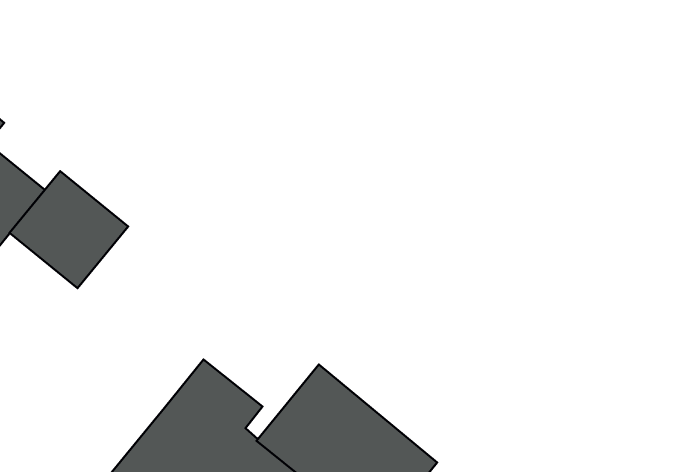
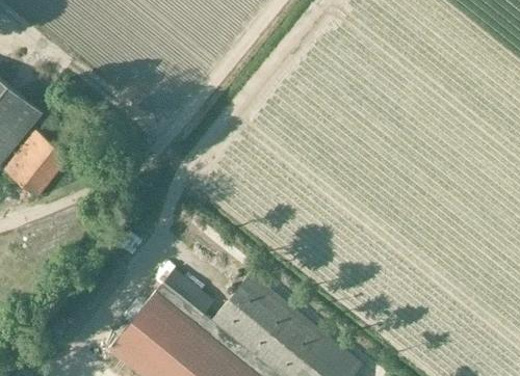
building: [10,171,128,288] -> none

